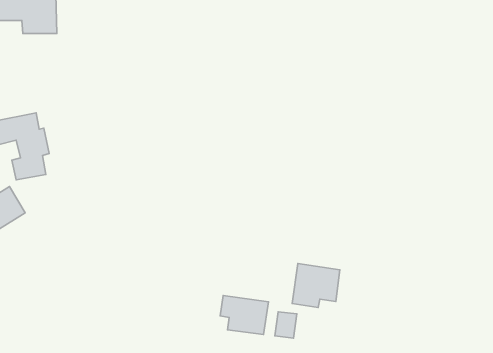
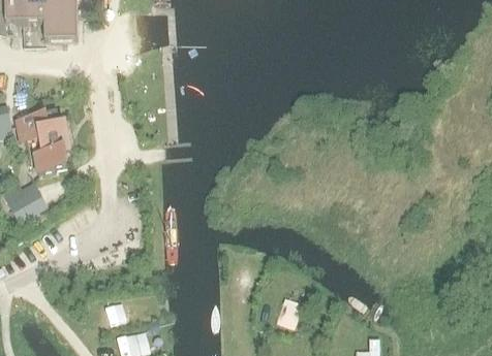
building: [292,264,340,307] -> none
building: [220,296,268,334] -> none

